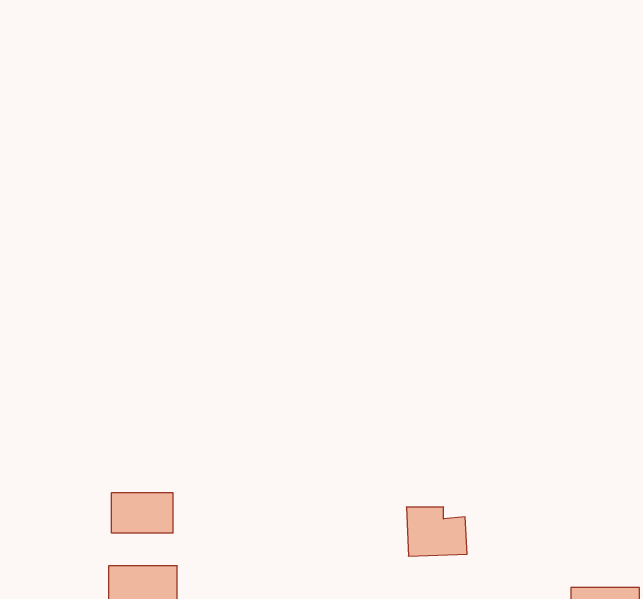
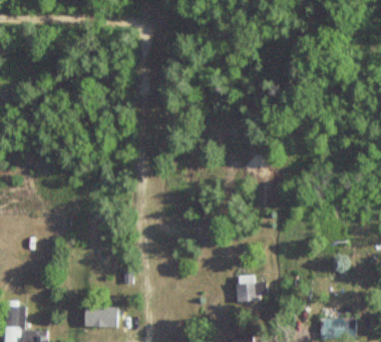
building: [112,493,173,533] -> none

